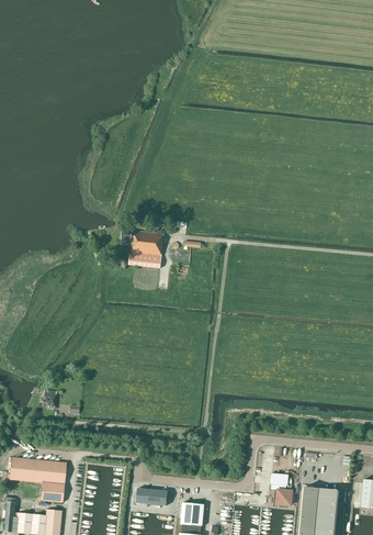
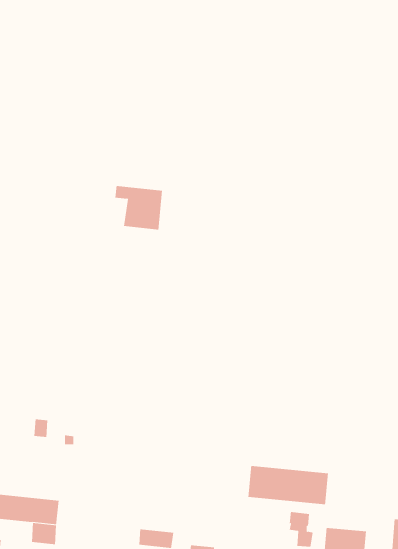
building: [121,229,163,268] -> [115,186,163,230]
building: none -> [248,465,329,505]

